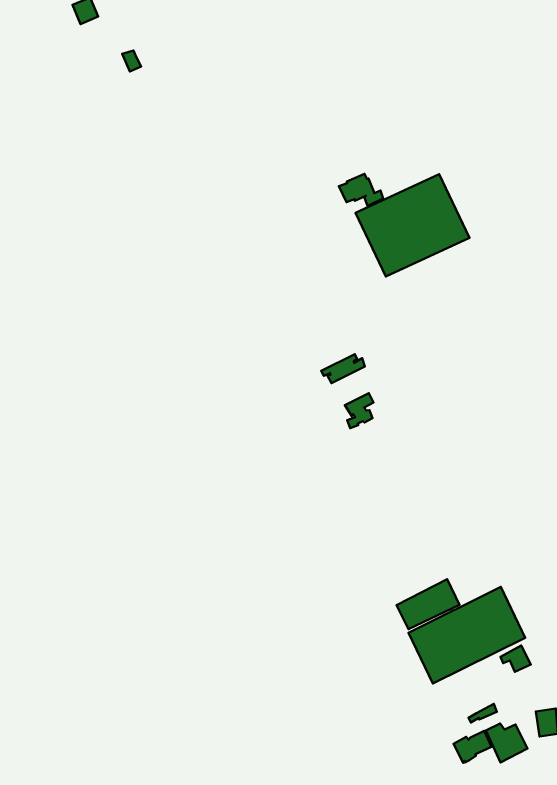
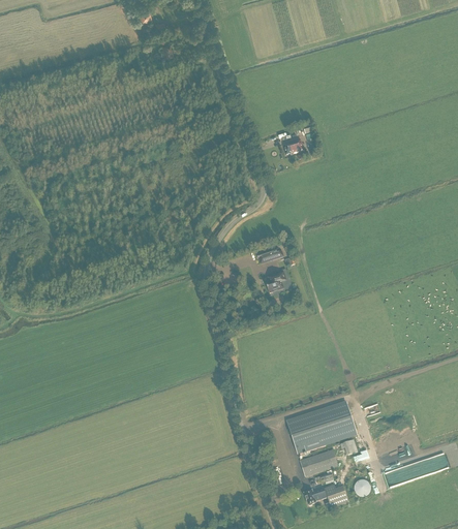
building: [356,174,469,277] -> none
building: [396,579,459,629] -> [299,447,337,474]

